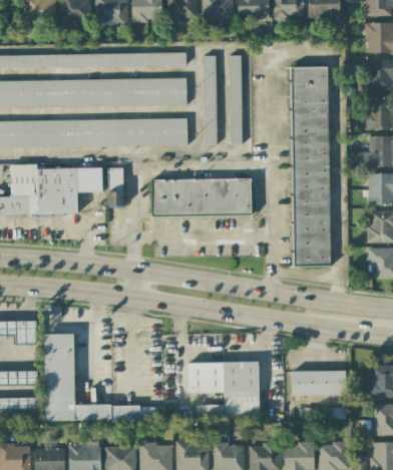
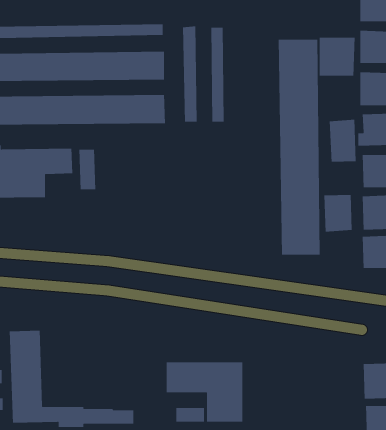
building: none -> [319,37,355,76]
building: none -> [329,119,356,162]
building: [150,178,252,218] -> none
building: none -> [324,194,353,232]
building: [292,372,347,396] -> none

